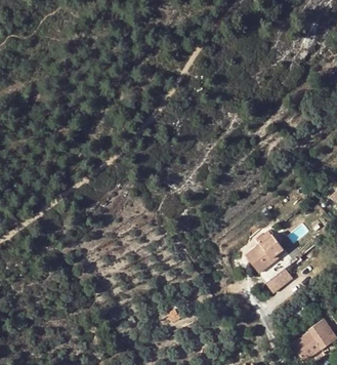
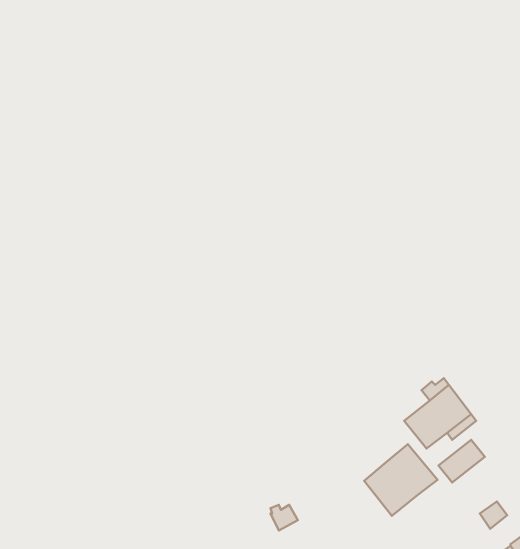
building: none -> [364,444,437,516]

